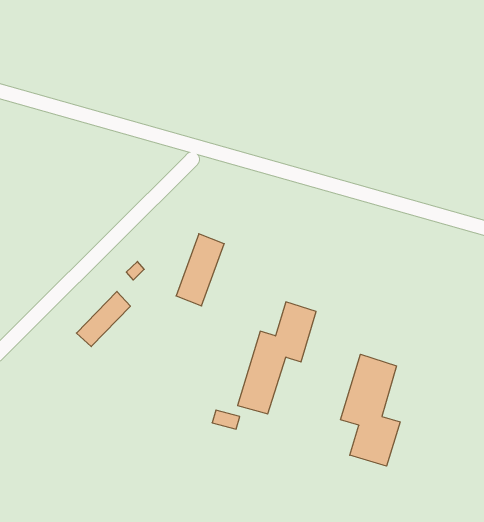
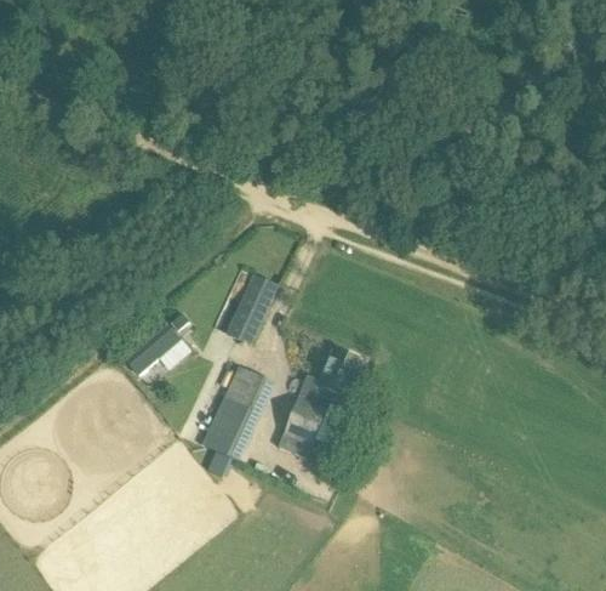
building: none -> [201,365,276,461]
building: [341,354,400,466] -> none

